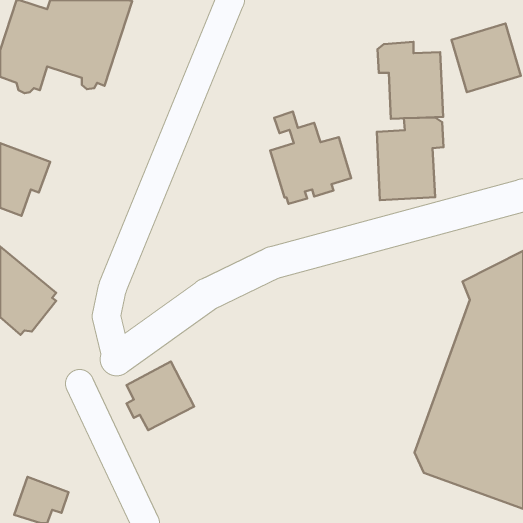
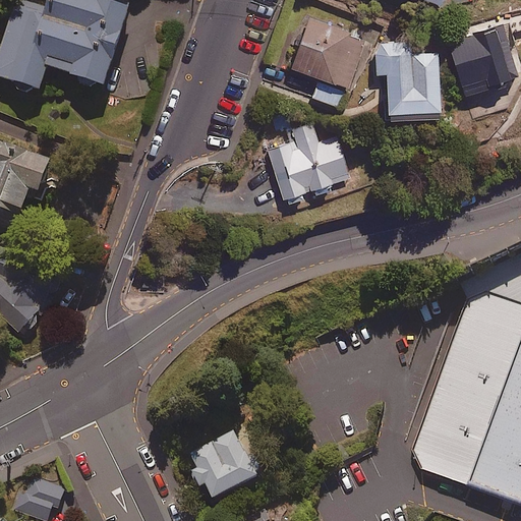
building: none -> [288,14,366,107]
building: [377,117,443,200] -> none
building: [127,362,194,430] -> [191,431,258,500]

